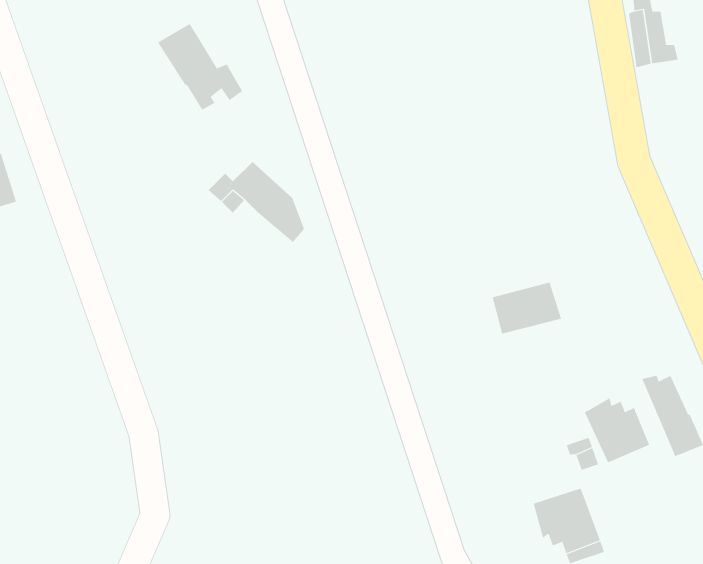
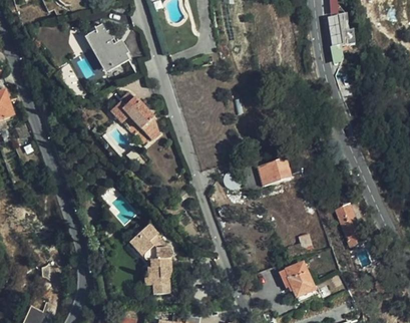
building: [584,398,650,463] -> none
building: none -> [135,222,177,293]

